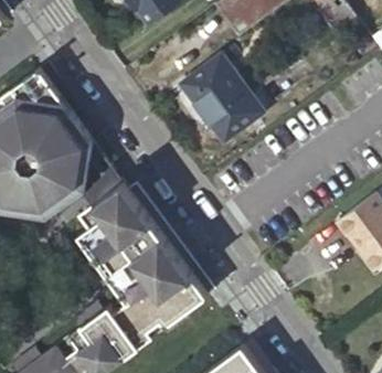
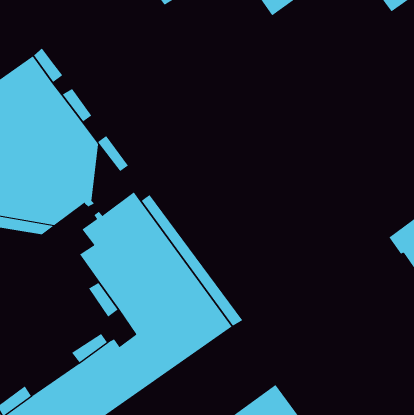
building: [182,55,264,140] -> none

